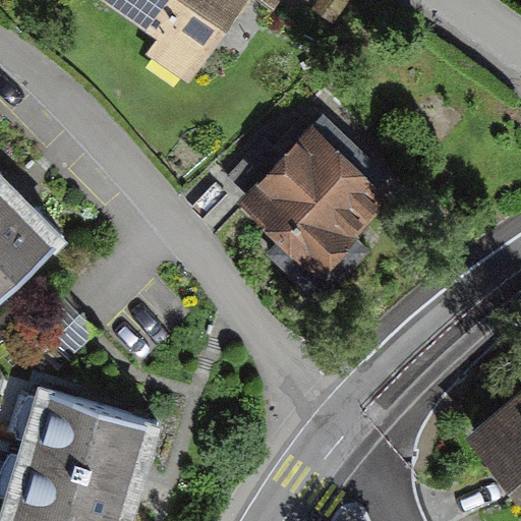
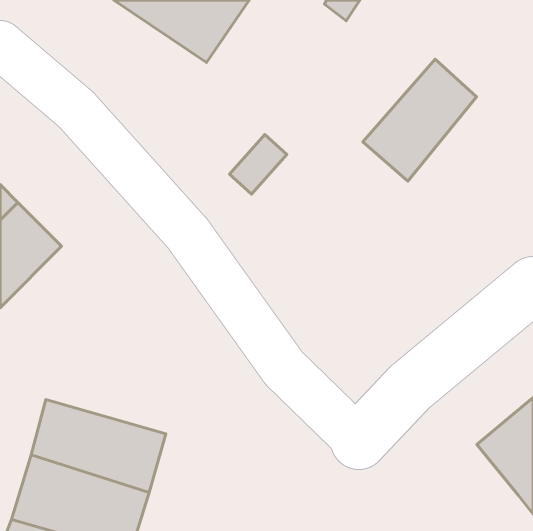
building: none -> [363,59,477,181]
building: [248,114,378,279] -> none

